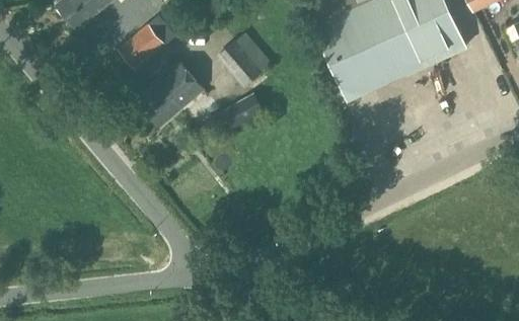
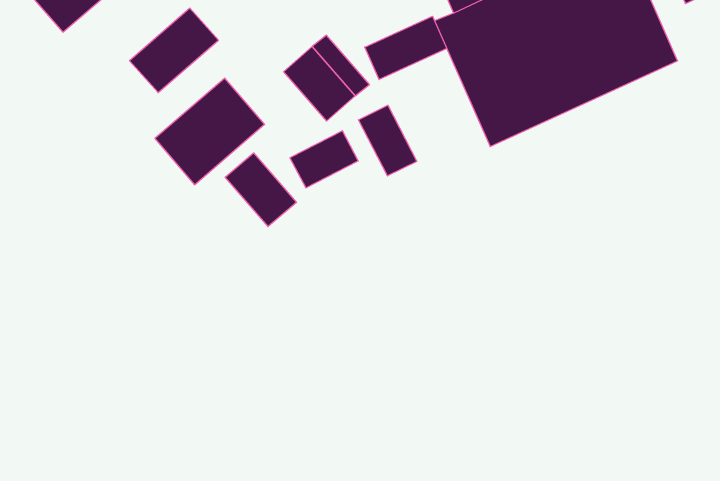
building: none -> [365,16,447,80]
building: none -> [359,105,417,176]
building: none -> [225,153,296,227]

